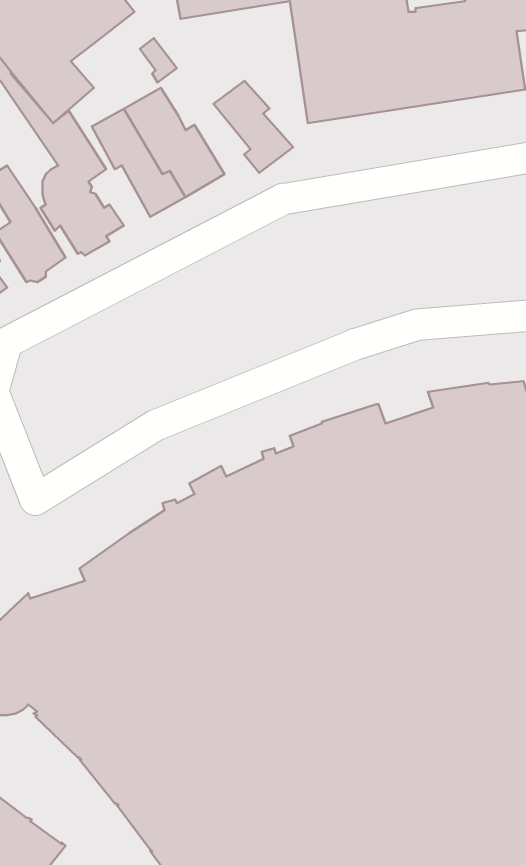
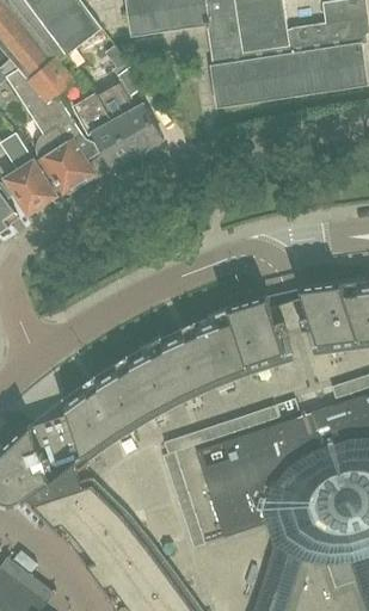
building: [214,81,293,173] -> none

